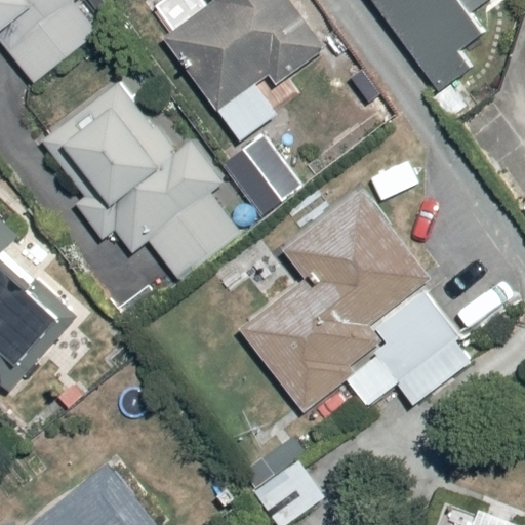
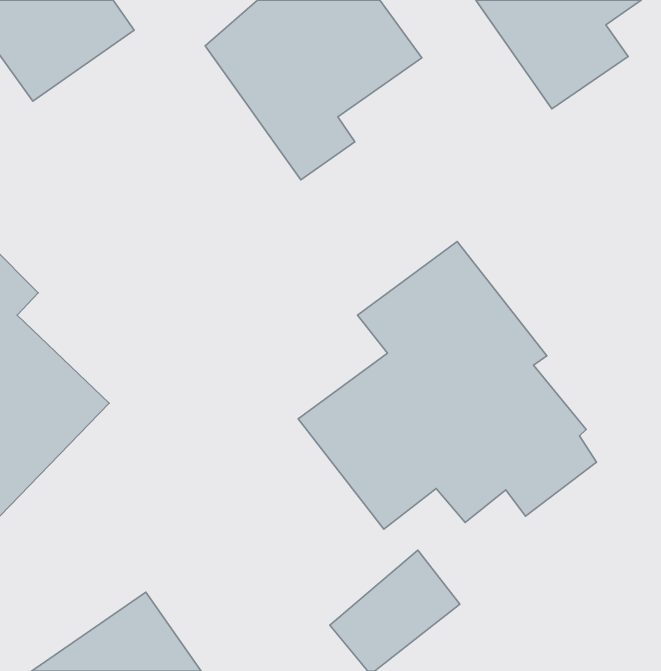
building: [33,76,239,274] -> none
building: [224,134,302,217] -> none

